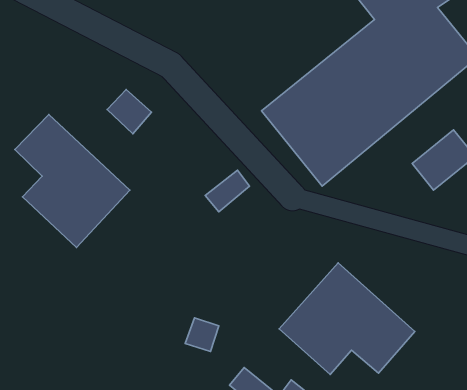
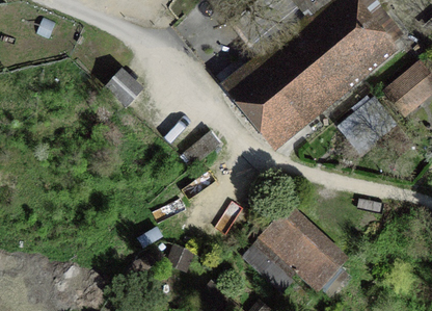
building: [15,114,130,247] -> none

